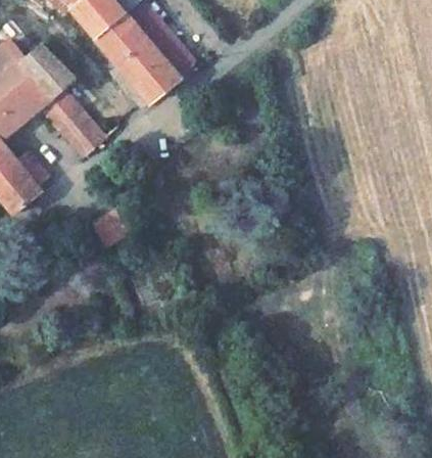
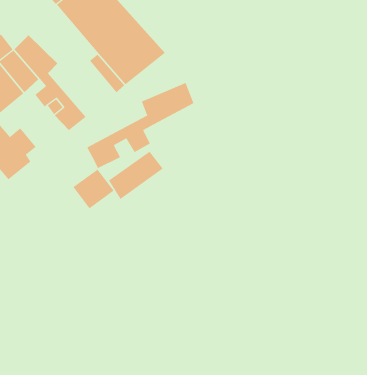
building: none -> [86,82,194,169]
building: none -> [108,151,163,200]

